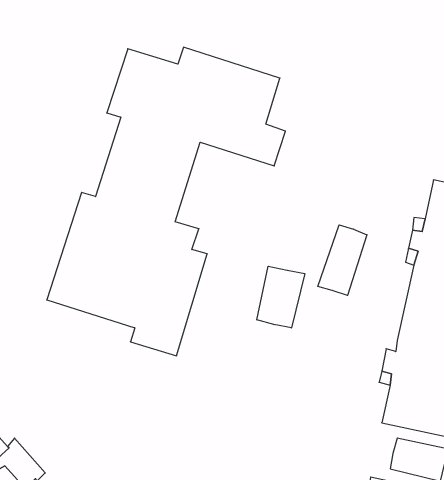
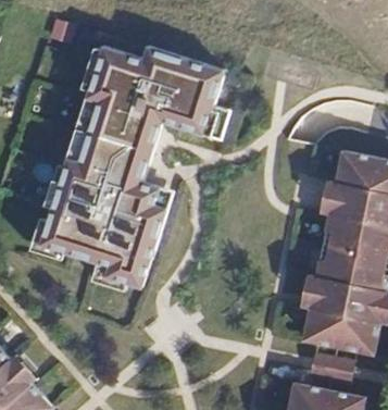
building: [318,225,367,295] -> none
building: [257,266,305,328] -> none

